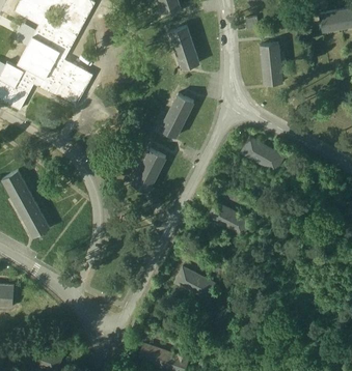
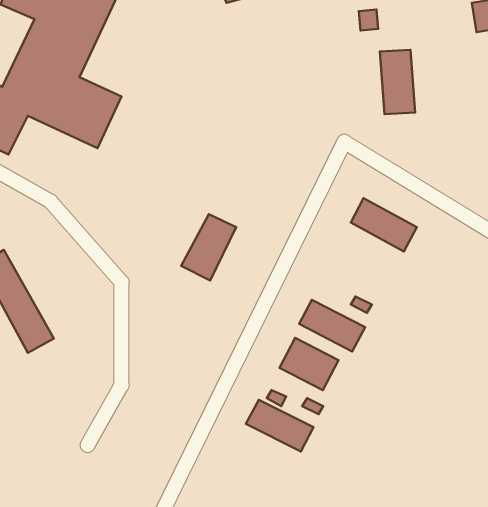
building: [169,26,197,69] -> none
building: [159,92,193,138] -> none
building: none -> [280,338,338,390]

